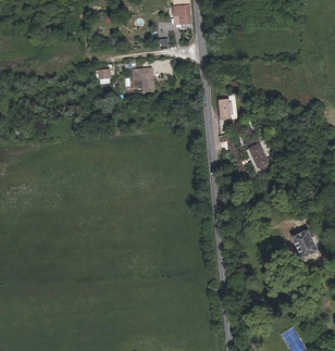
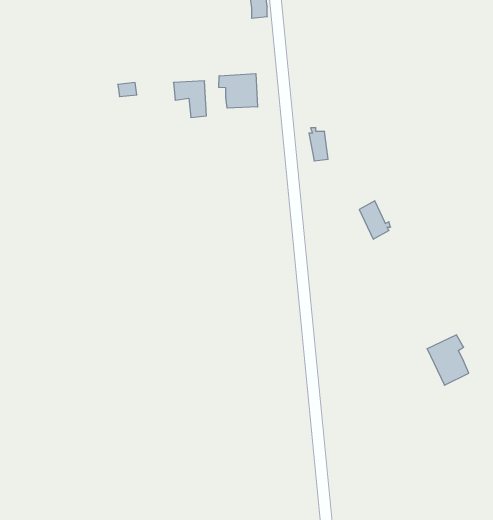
building: none -> [219,74,258,108]

